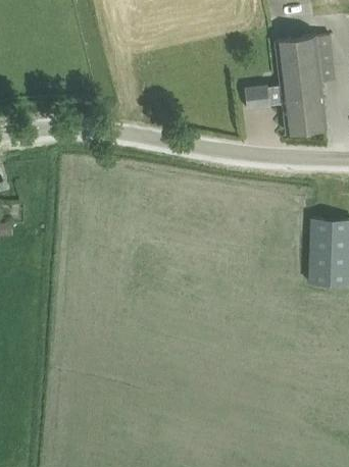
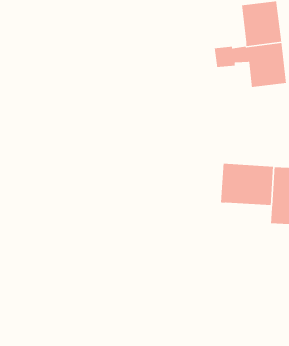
building: none -> [220,163,274,206]

